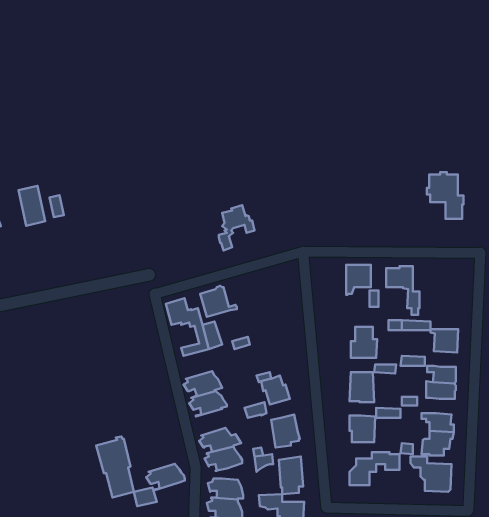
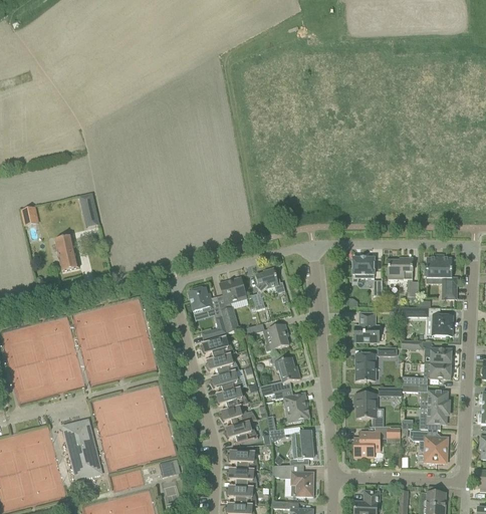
building: [427,172,463,219] -> [424,255,457,297]
building: [19,186,45,226] -> [54,234,78,270]
building: [219,205,254,250] -> [252,267,284,308]
building: none -> [267,323,288,348]
building: none -> [199,335,234,359]
building: [96,437,134,497] -> [63,420,97,475]
building: [146,464,185,491] -> [213,387,248,411]

